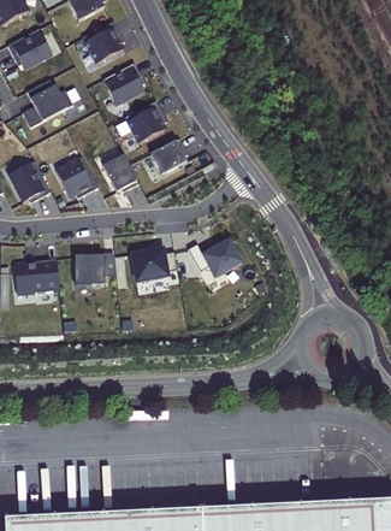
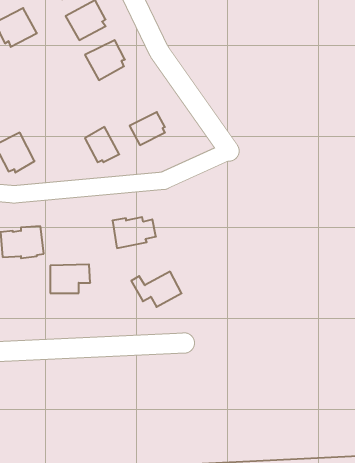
building: [22,83,72,128] -> none
building: [124,100,166,143] -> none
building: [55,157,97,199] -> none
building: [188,240,241,277] -> [131,272,182,307]
building: [73,255,115,285] -> [50,264,90,293]

